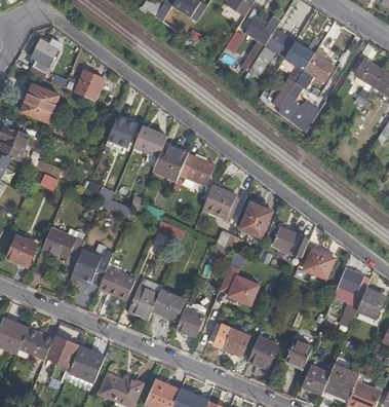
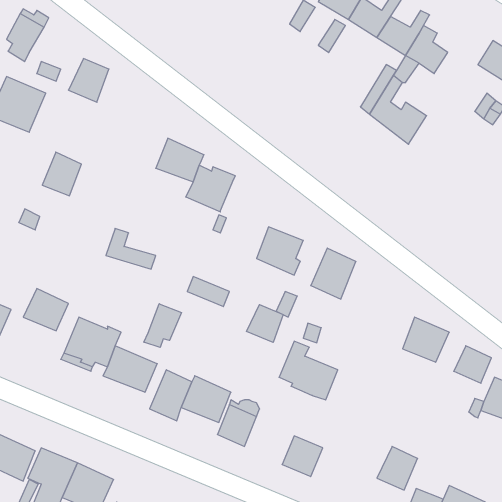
building: [109,115,135,145] -> [42,152,81,196]
building: [179,153,213,185] -> none
building: [272,225,309,256] -> none
building: none -> [144,304,181,347]
building: none -> [247,305,283,342]
building: [247,336,277,368] -> none

